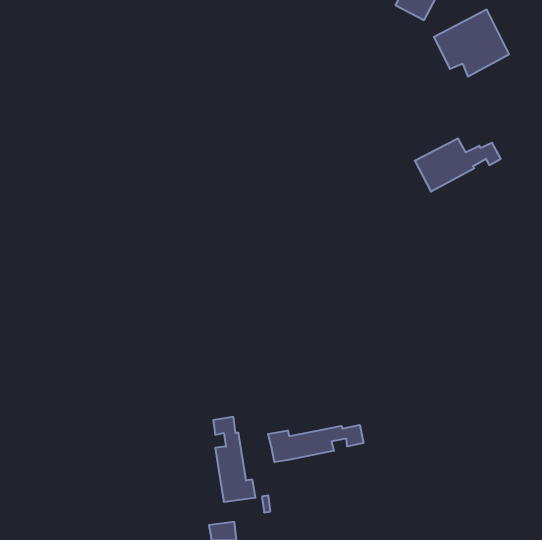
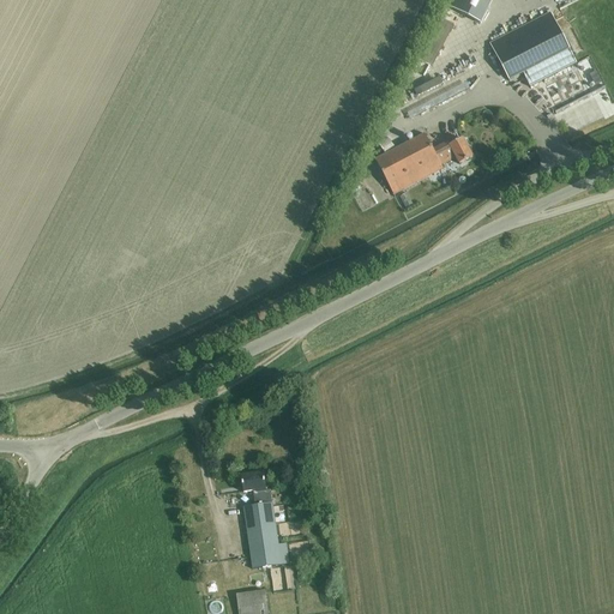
building: [415,139,501,192] -> [375,133,472,193]
building: [268,425,363,462] -> none

